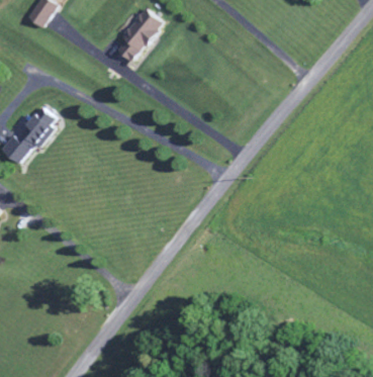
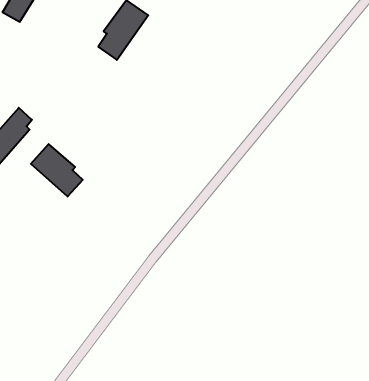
building: none -> [31,144,83,197]

